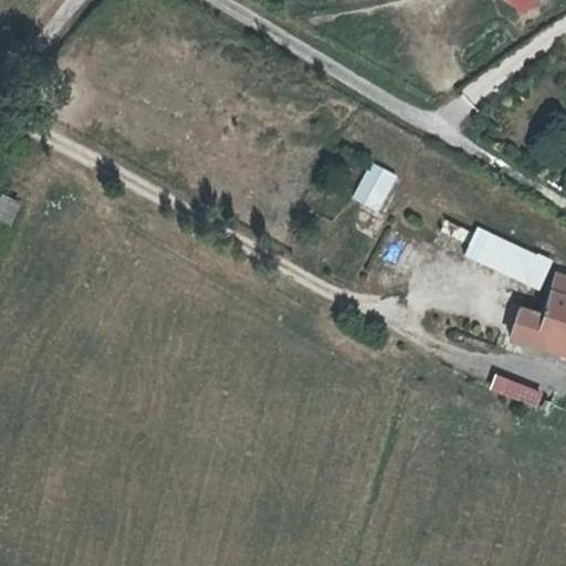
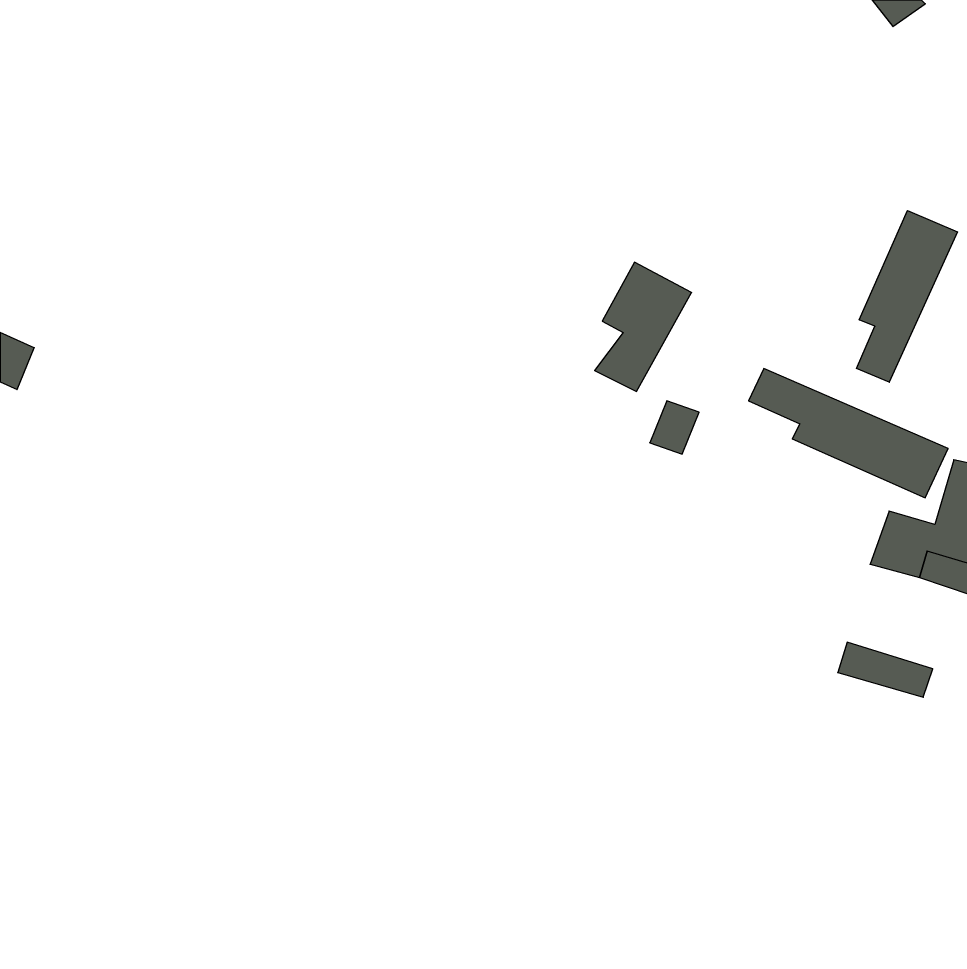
building: none -> [856,211,958,382]

